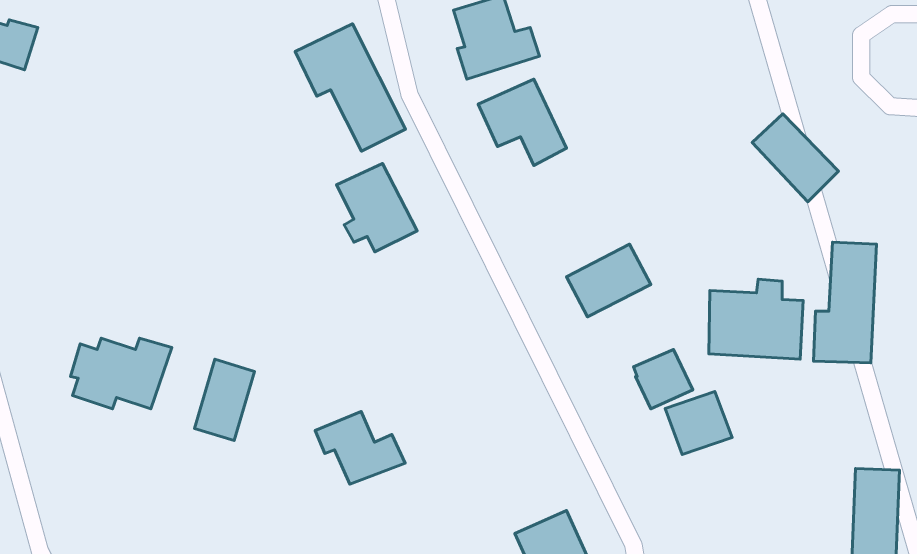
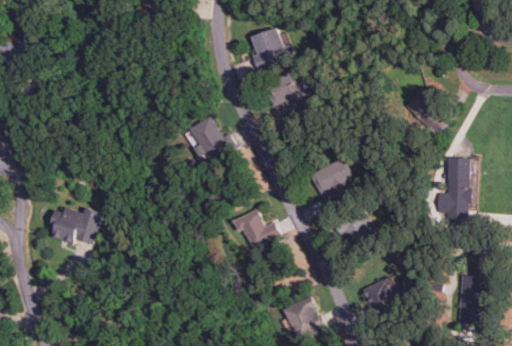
building: [295,24,405,151] -> none
building: [709,279,803,359] -> none
building: [194,359,255,440] -> none
building: [665,391,732,455] -> [361,278,396,311]
building: [315,411,405,484] -> [232,209,279,247]

